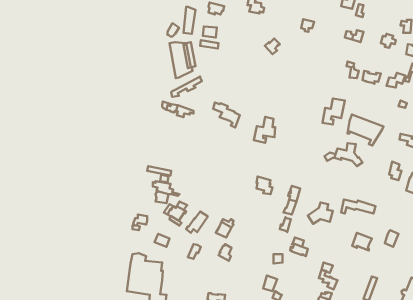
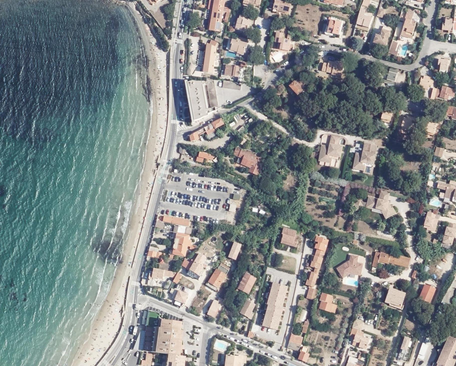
building: [348,114,384,146] -> none
building: [254,117,275,143] -> [318,135,341,163]
building: none -> [262,283,285,330]

